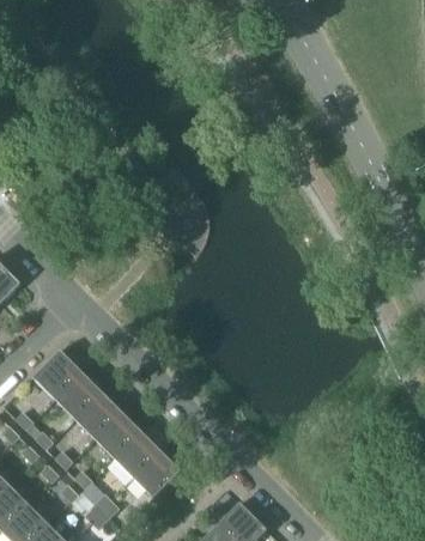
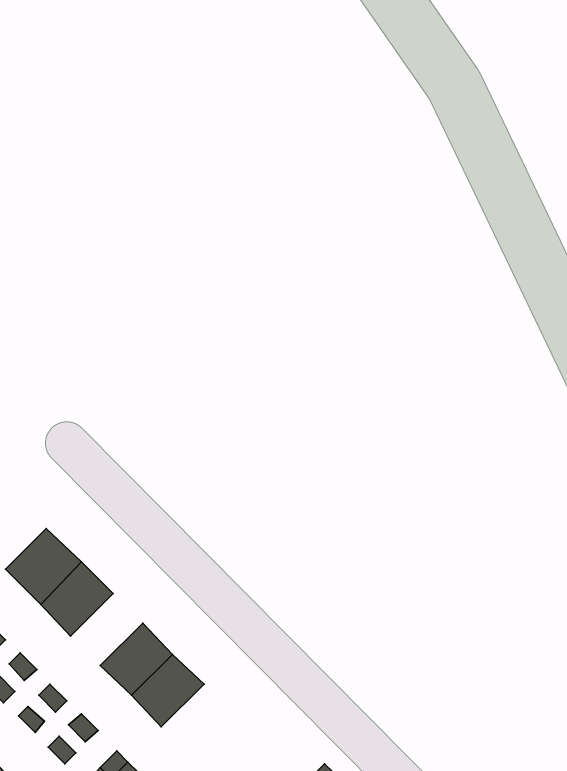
building: [74,393,121,439] -> none
building: [133,451,180,498] -> none

